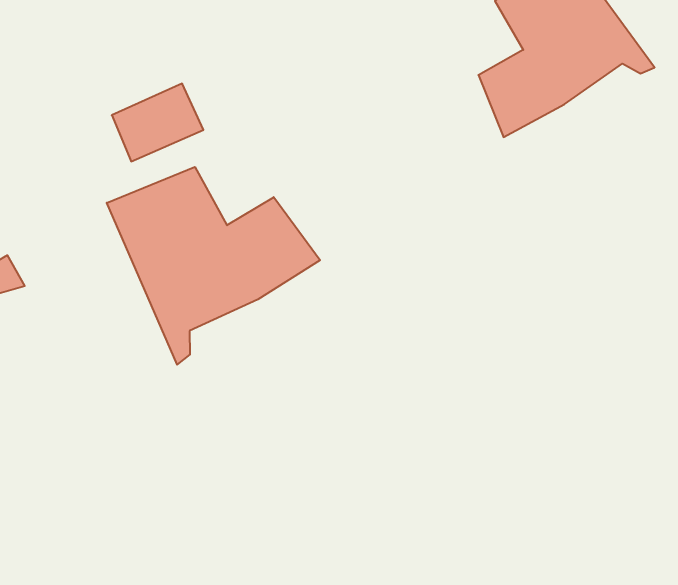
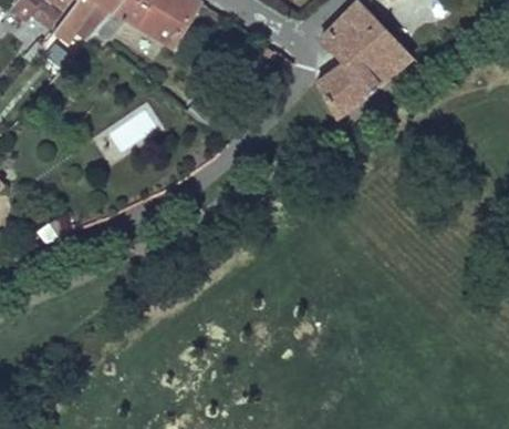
building: [107,167,320,365] -> none

